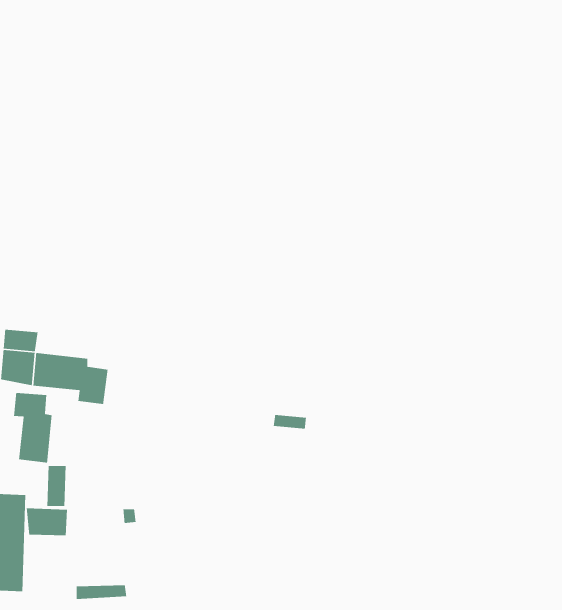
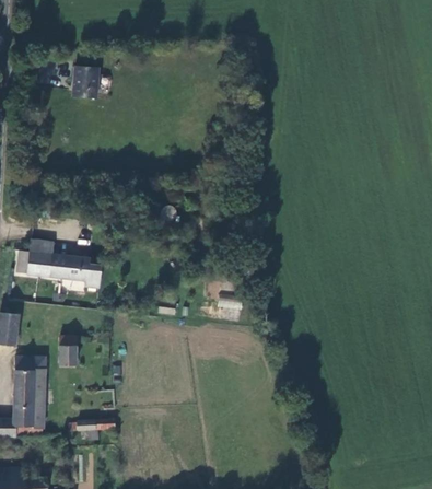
building: none -> [73,67,97,98]
building: [13,392,53,464] -> none
building: [26,508,68,536] -> none

